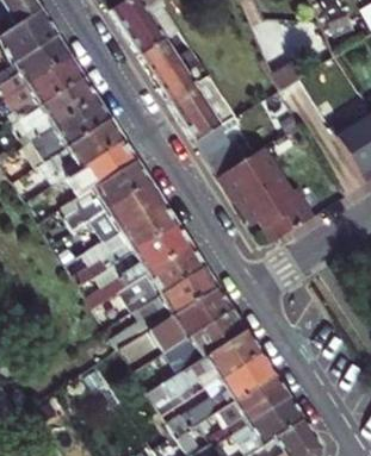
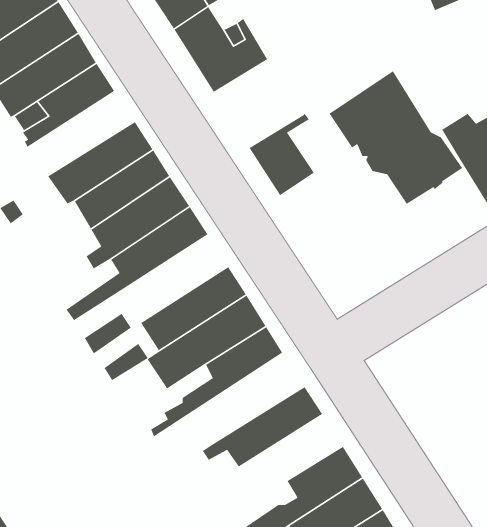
building: [167,76,231,139] -> none
building: [33,99,111,165] -> none
building: [216,146,313,243] -> [328,70,463,205]
building: [106,201,178,264] -> none
building: [120,286,233,371] -> none
building: [165,330,260,395] -> none

